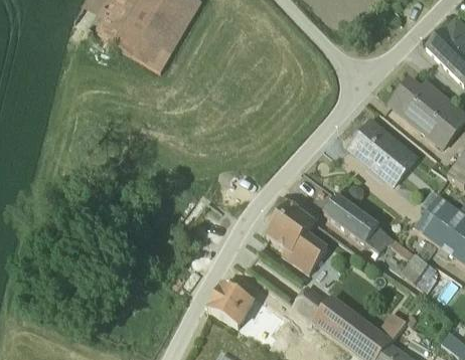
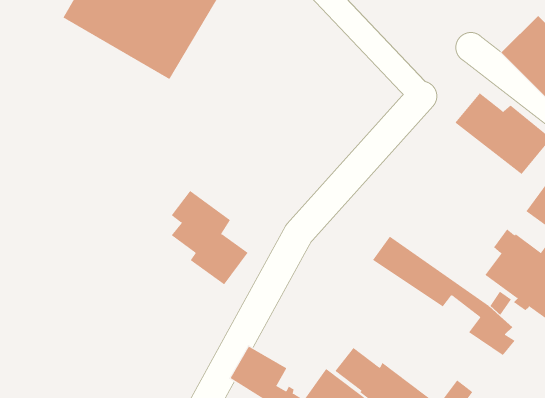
building: [346,118,418,187] -> none
building: [266,197,328,274] -> [171,190,248,285]

